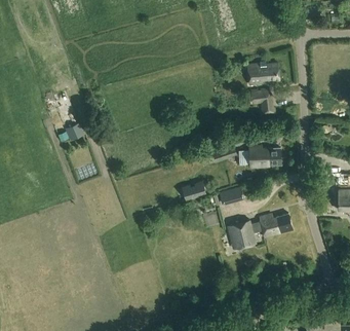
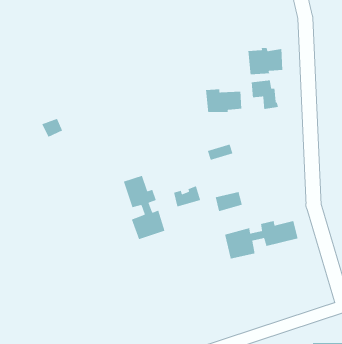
building: [248,145,281,167] -> [205,88,242,113]
building: none -> [123,175,166,240]

